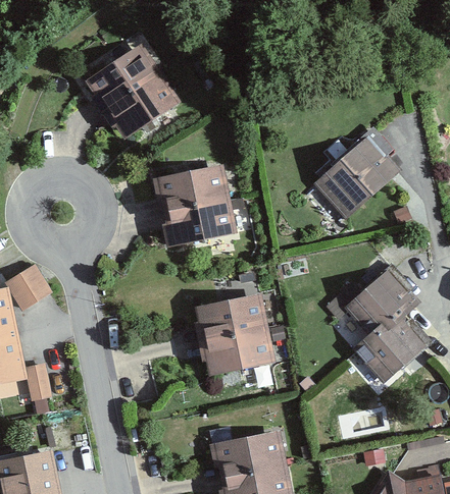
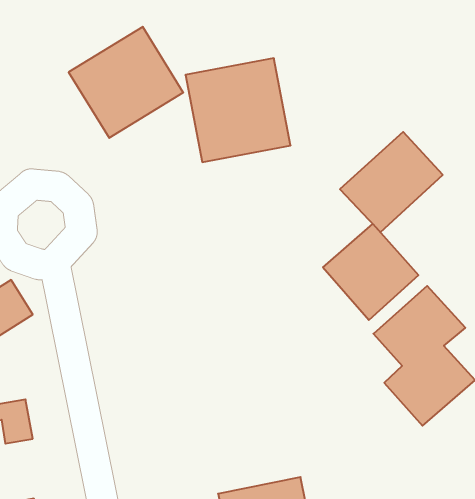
building: [151,164,241,253] -> [185,58,291,162]
building: none -> [323,224,418,320]
building: [190,296,277,376] -> none

